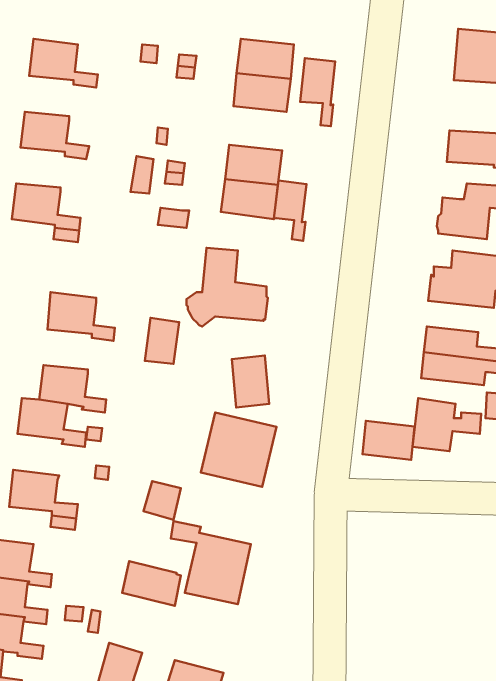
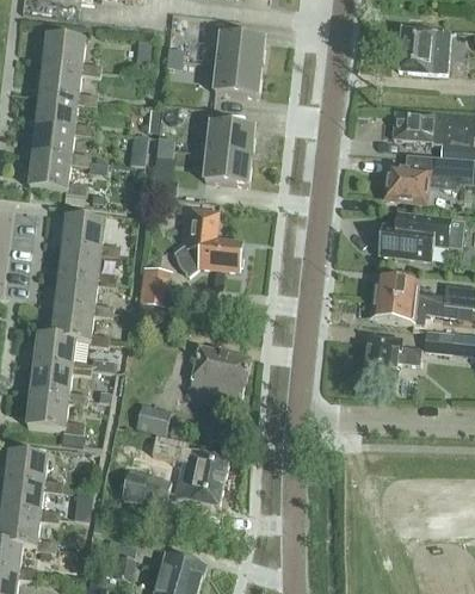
building: [300,58,335,126] -> none
building: none -> [39,66,97,105]
building: none -> [32,125,90,165]
building: [274,181,307,241] -> none
building: none -> [61,216,118,256]
building: none -> [55,277,111,316]
building: [232,355,269,407] -> none
building: [362,421,414,460] -> none
building: none -> [30,364,87,404]

